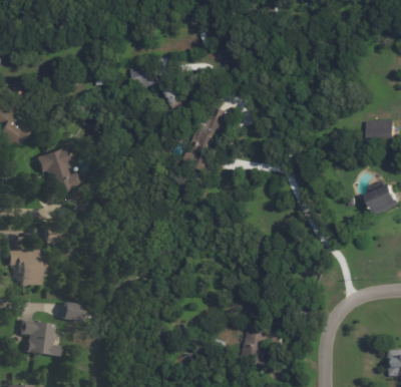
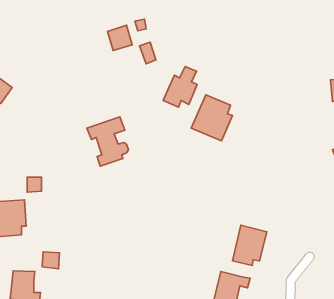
building: none -> [191,95,232,141]
building: [38,145,82,198] -> [87,117,128,166]
building: none -> [232,225,267,265]

